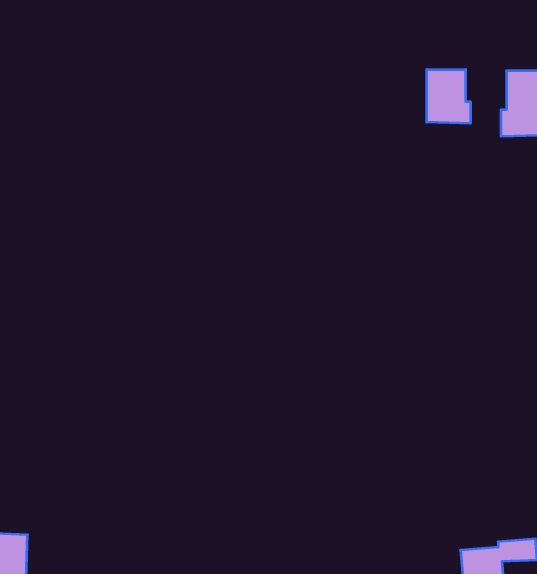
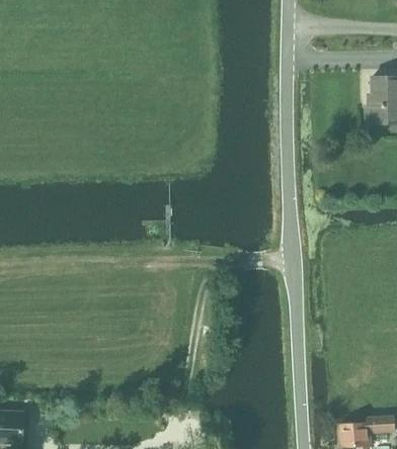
building: [427,69,470,123] -> none

